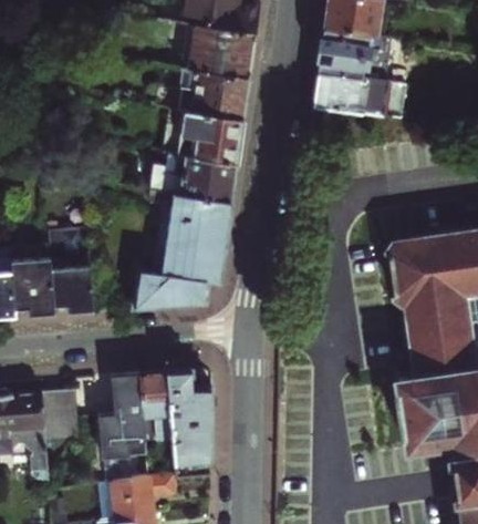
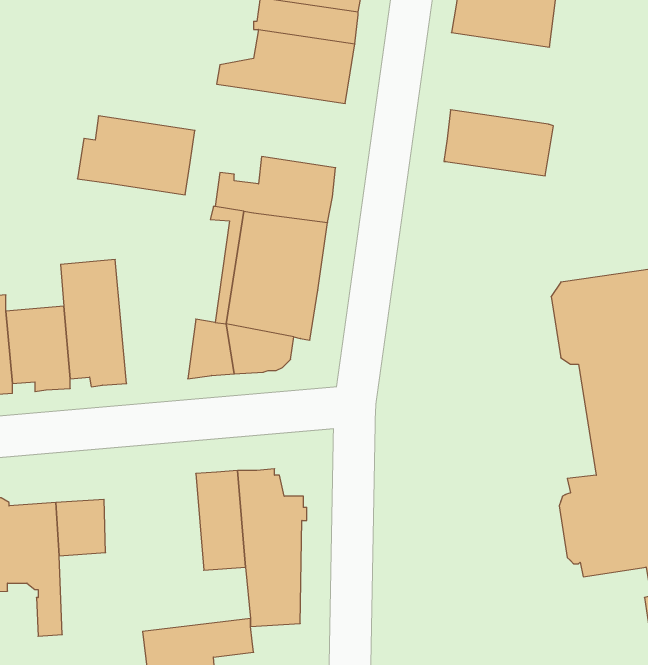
building: [312,70,387,115] -> [444,110,553,176]
building: [163,109,243,163] -> [77,116,195,195]
building: [98,373,147,458] -> none

